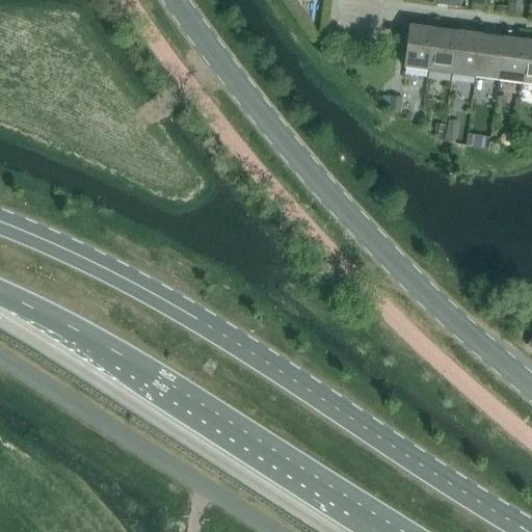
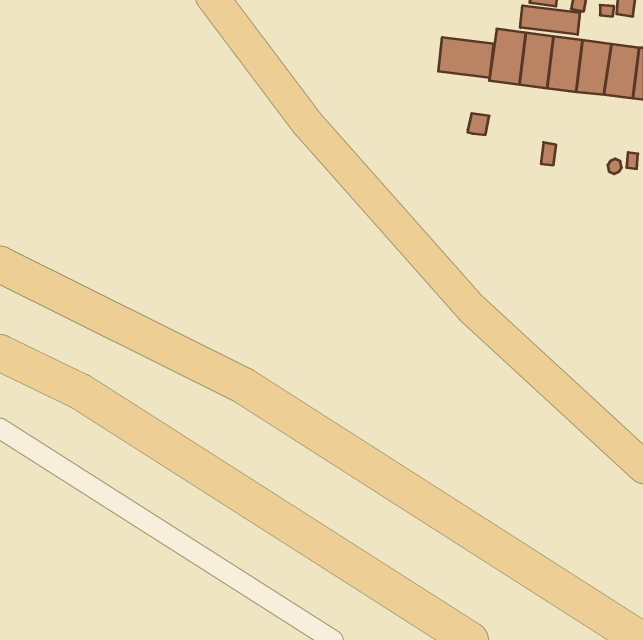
building: none -> [520,6,580,35]
building: none -> [438,37,493,78]

